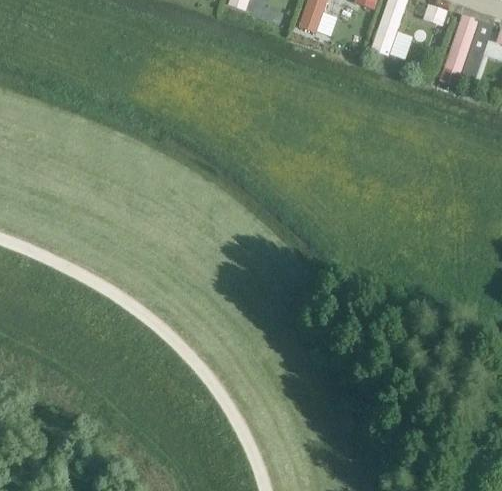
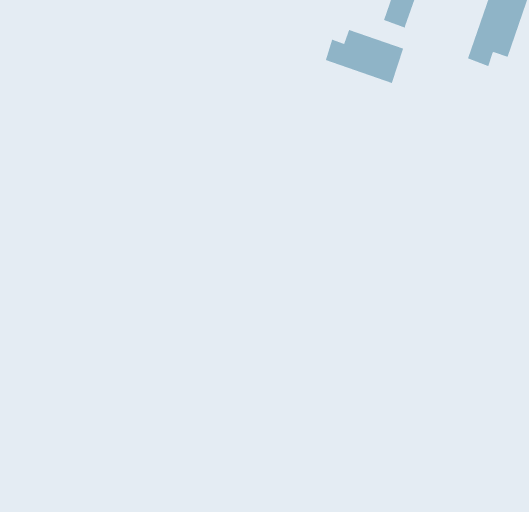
building: none -> [325,29,404,84]

